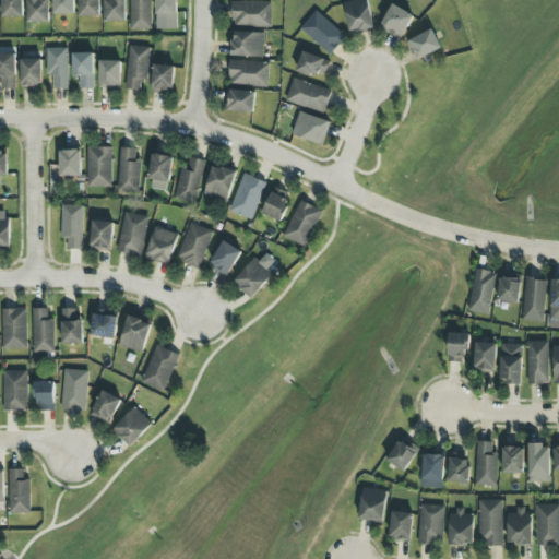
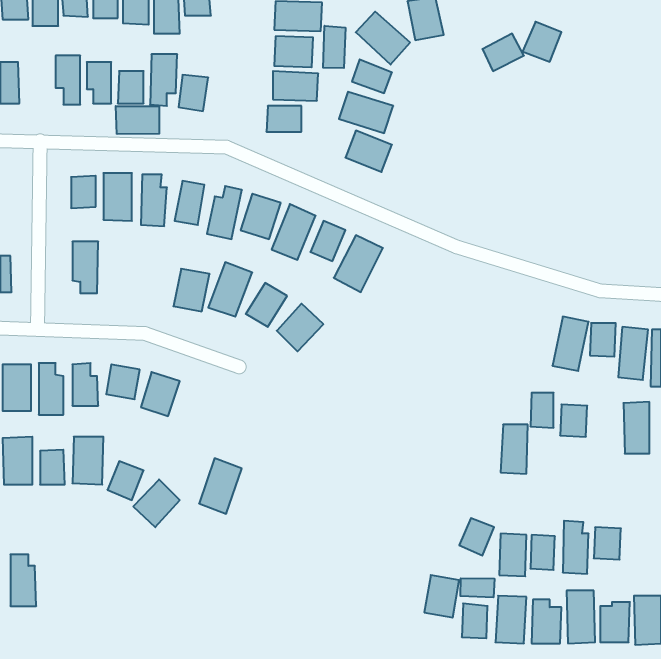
building: [380,4,413,38] -> [523,22,561,62]
building: none -> [323,26,345,68]
building: [21,58,41,85] -> none
building: none -> [116,106,159,134]
building: [117,211,148,255] -> none
building: [91,219,112,248] -> none
building: [499,343,522,384] -> [501,425,528,474]
building: [142,344,178,391] -> [199,458,242,514]
building: [528,443,550,481] -> none
building: none -> [460,578,494,597]

